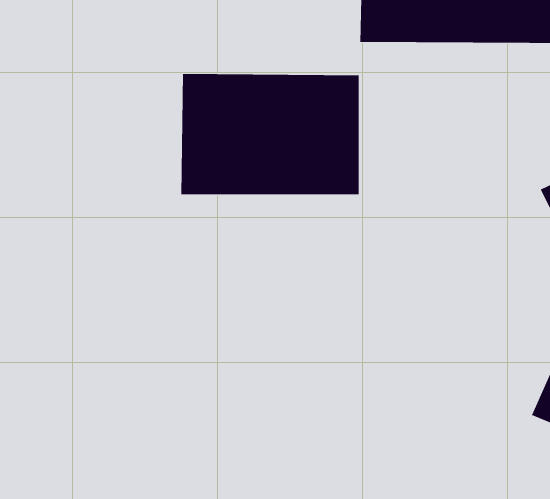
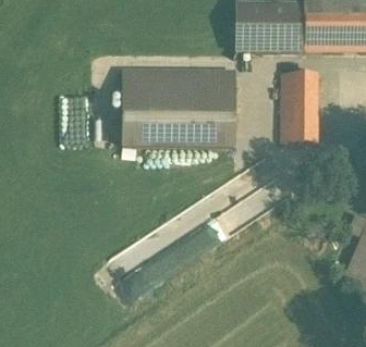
building: none -> [283,70,318,140]

